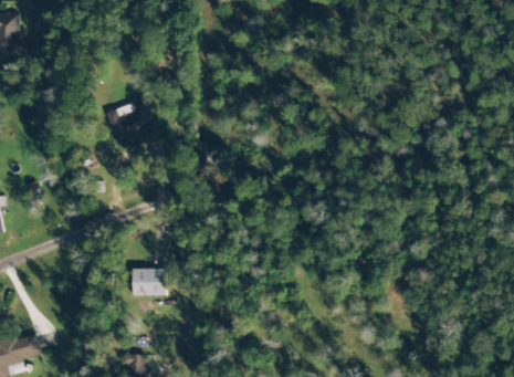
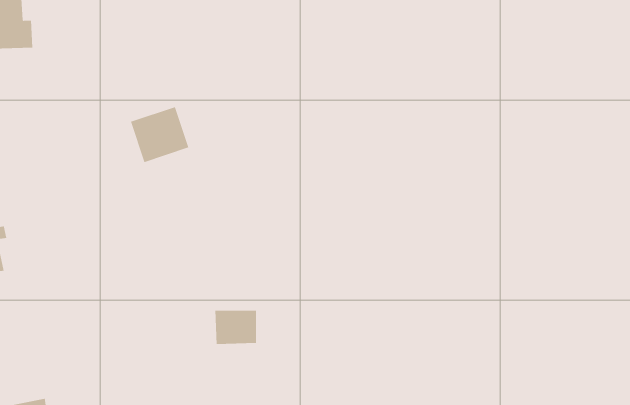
building: [132,269,166,296] -> [214,310,257,344]

